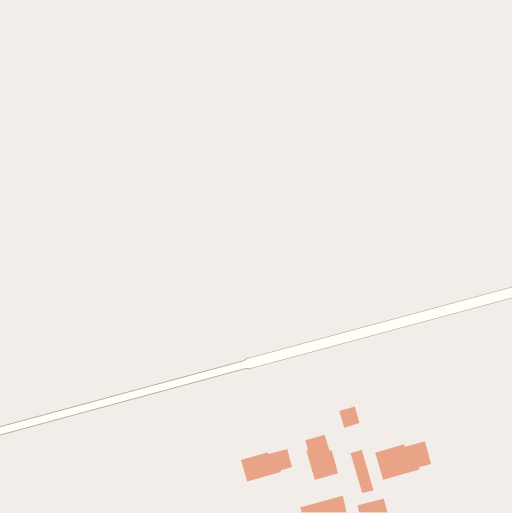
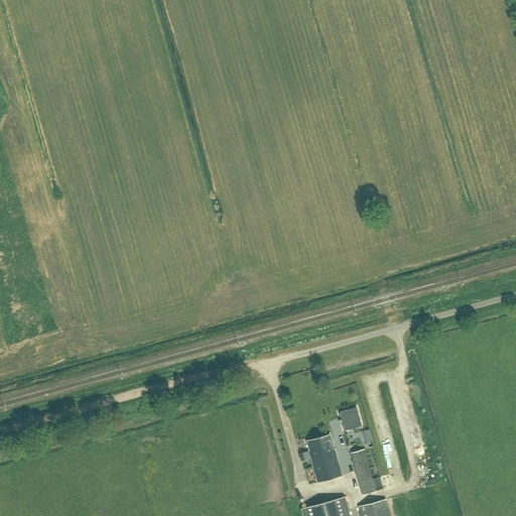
building: [374,441,432,481] -> none
building: [240,448,293,482] -> none

